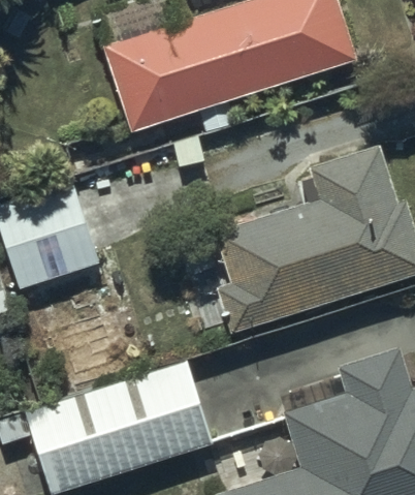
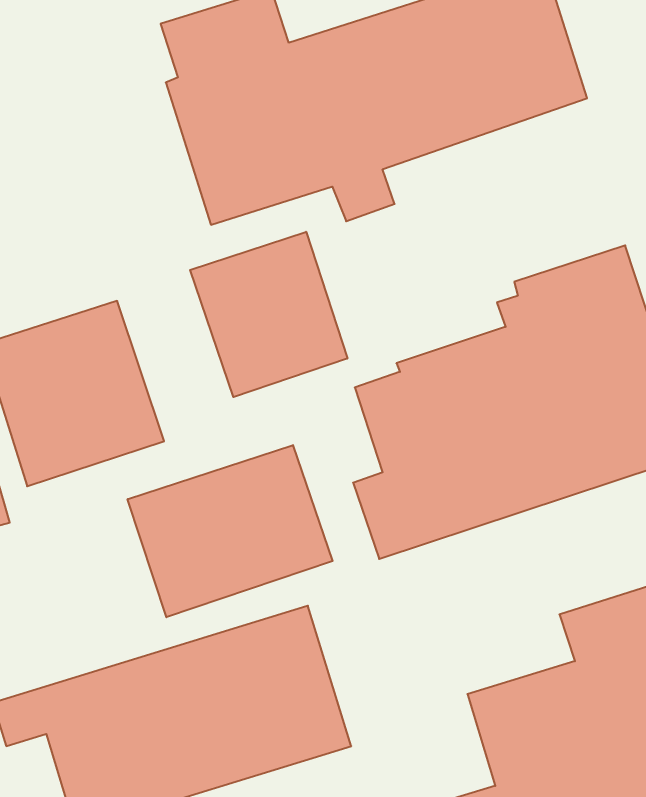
building: none -> [190,232,347,397]
building: none -> [128,445,333,617]

